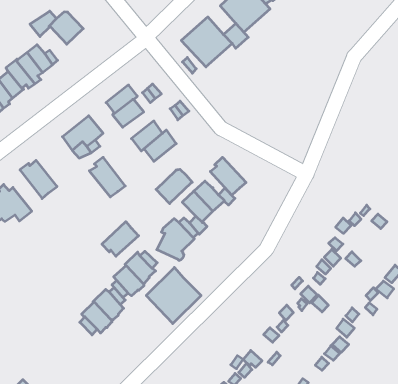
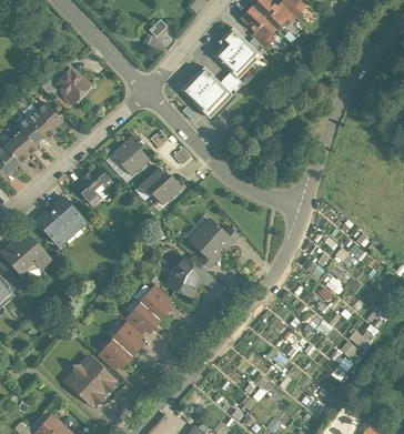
building: [210,157,246,195] -> none
building: [89,157,125,197] -> [51,196,85,233]
building: [156,169,192,204] -> none
building: [102,222,139,256] -> none
building: [146,267,201,324] -> none
building: none -> [65,356,114,405]

